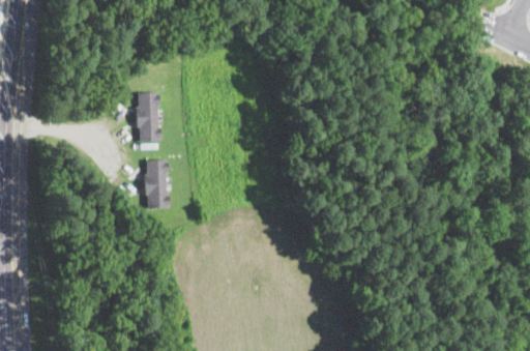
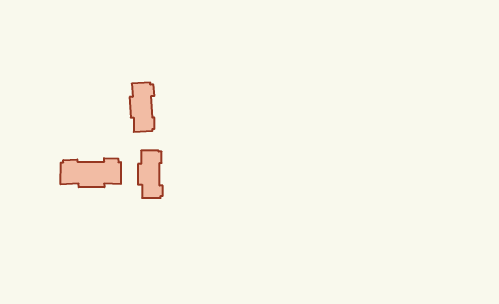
building: none -> [61,158,121,187]

